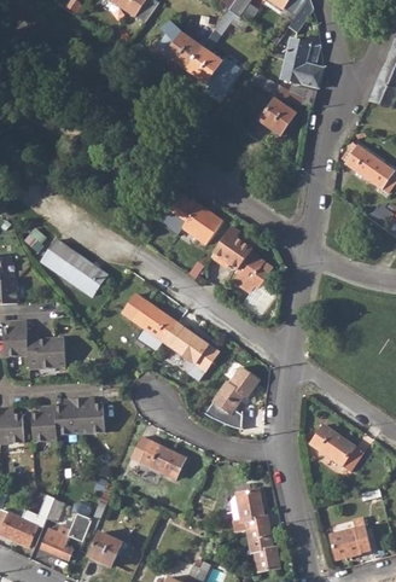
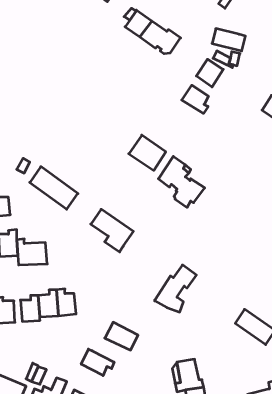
building: [285,36,320,65] -> none
building: none -> [182,85,208,113]
building: [164,322,219,371] -> none
building: none -> [81,349,114,376]

